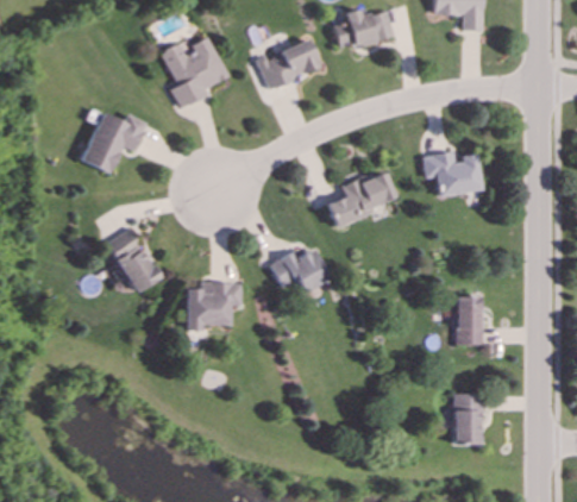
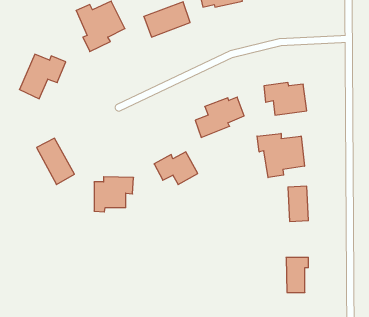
building: none -> [257,133,304,178]

